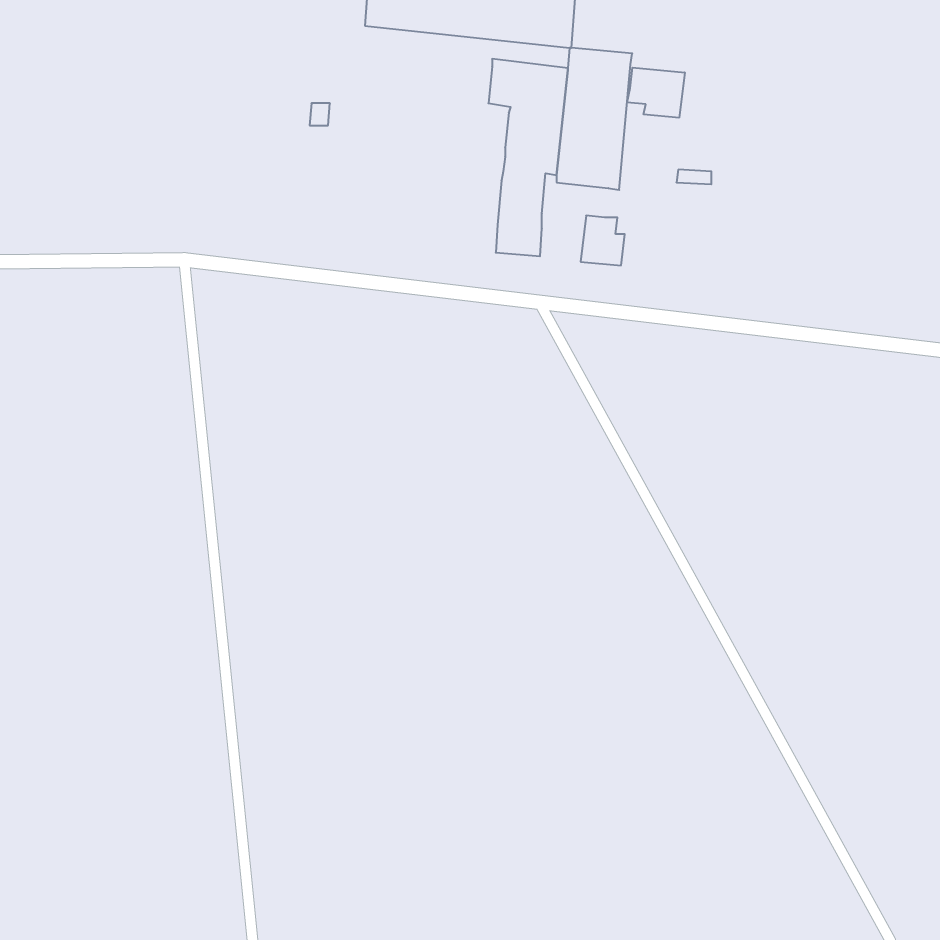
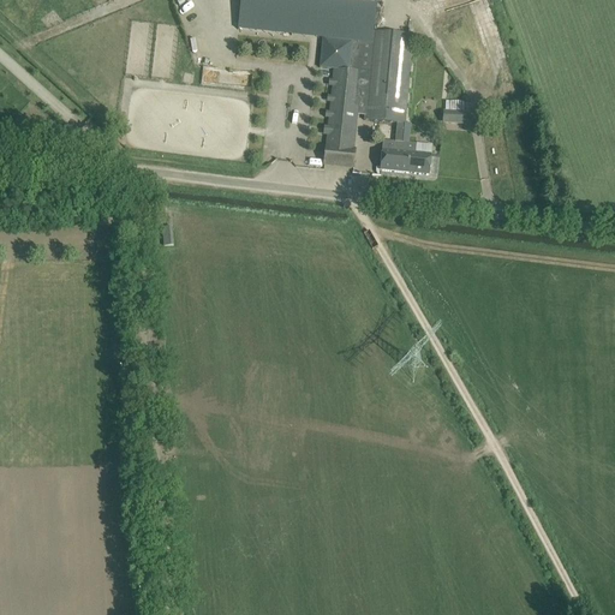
building: [627,68,685,118] -> none
building: none -> [401,142,430,175]

